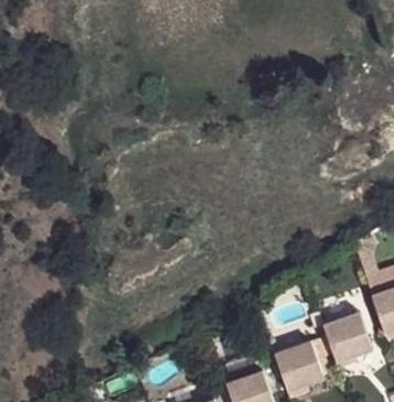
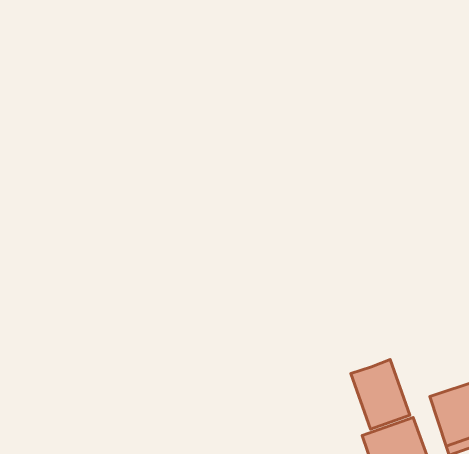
building: none -> [351,360,410,429]

